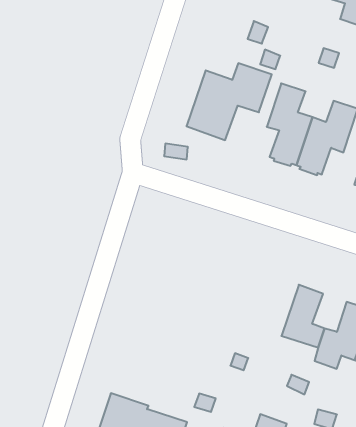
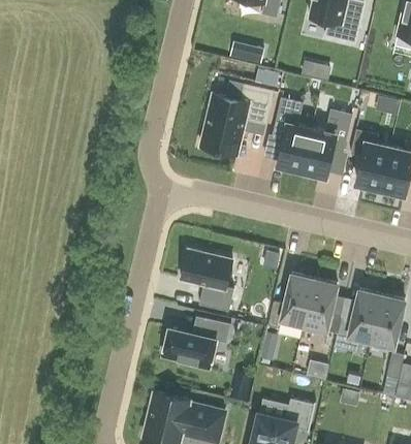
building: none -> [181,248,234,305]
building: none -> [266,274,314,328]
building: none -> [161,321,228,373]

